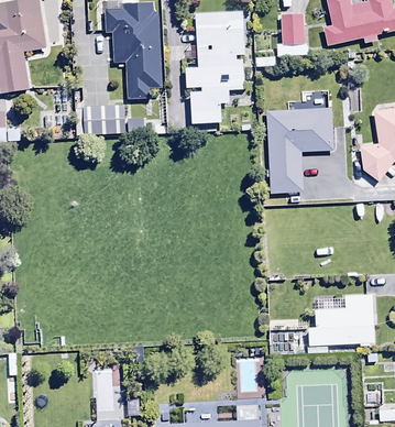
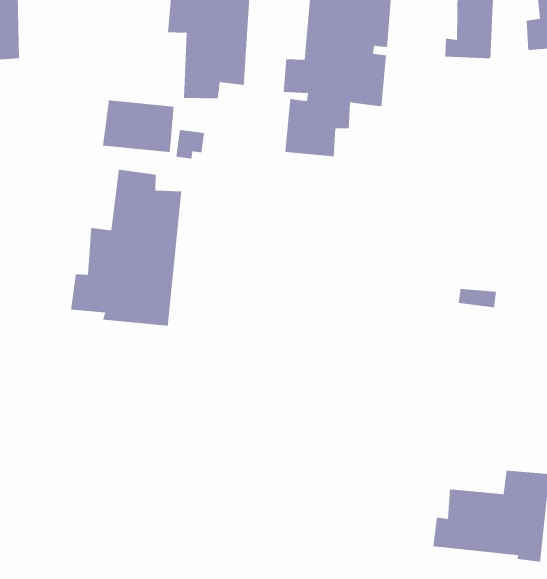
building: [267,108,333,193] -> none
building: none -> [71,169,182,327]

